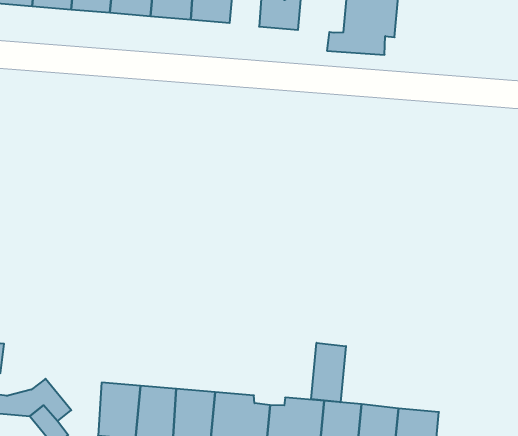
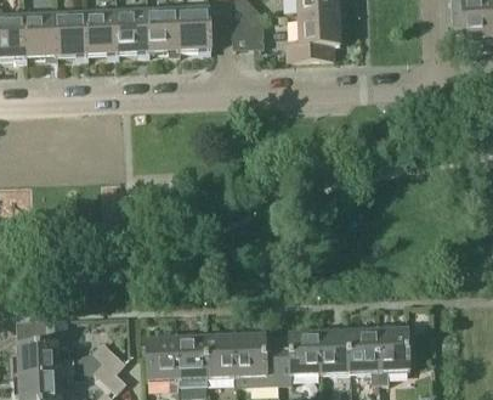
building: [311,343,346,402] -> none

